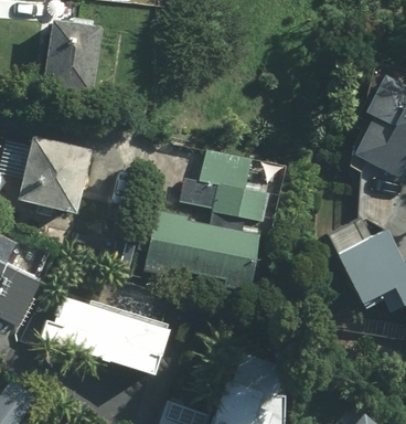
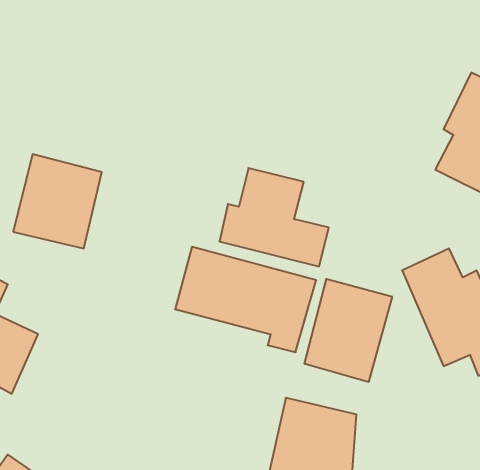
building: [39,21,101,95] -> none
building: none -> [304,279,392,382]
building: [46,287,171,380] -> none

